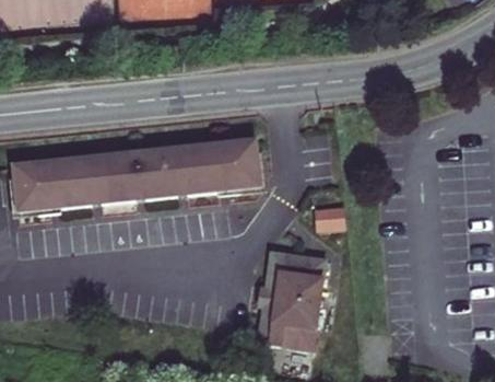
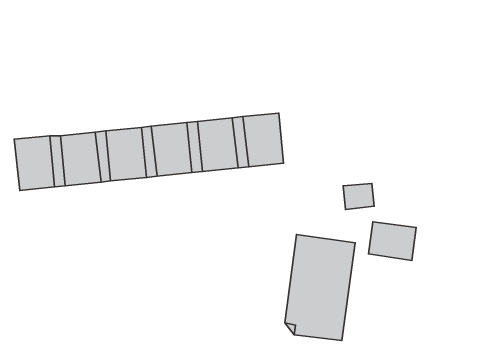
building: none -> [368,222,416,261]

